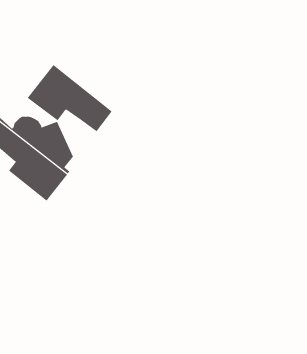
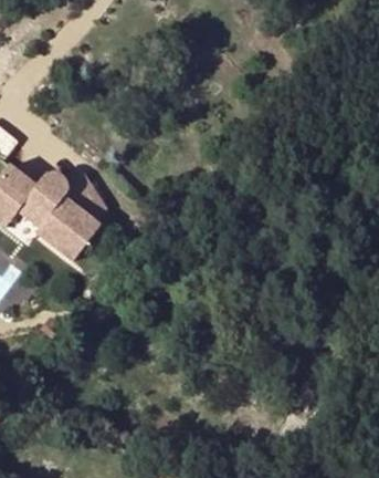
building: [27,64,113,132] -> none

